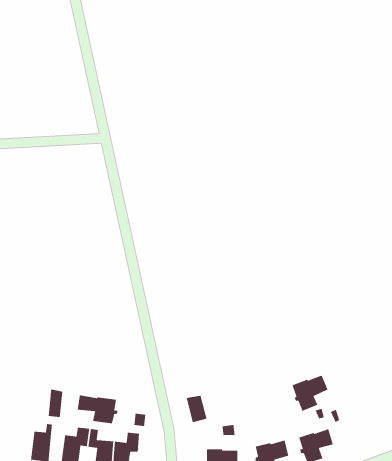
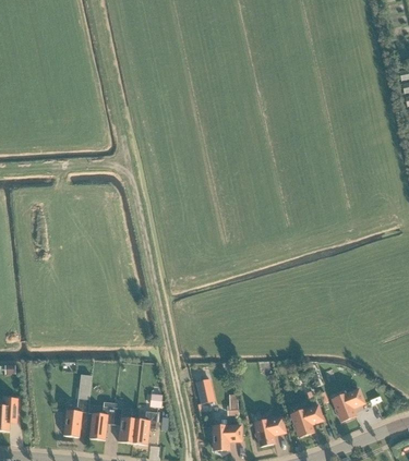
building: [292,375,329,412] -> [333,389,364,421]
building: [77,395,118,424] -> none

